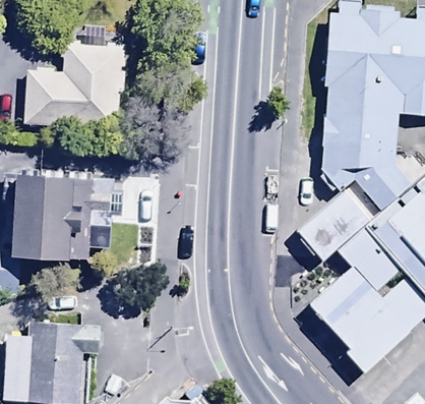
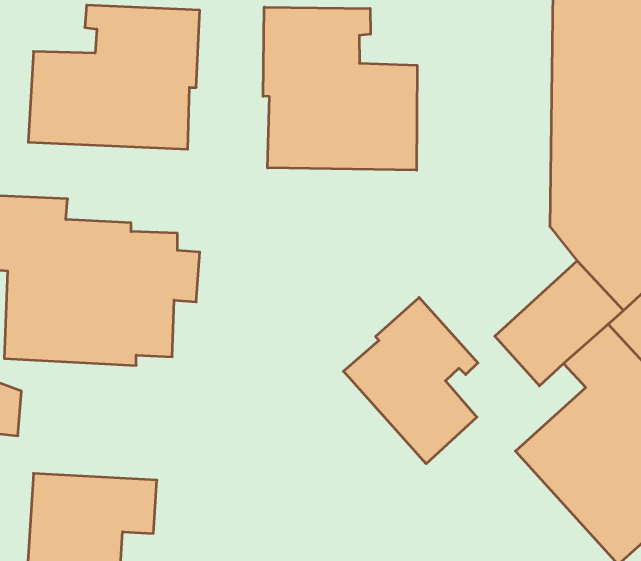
building: none -> [263,7,417,170]
building: none -> [343,297,478,464]

